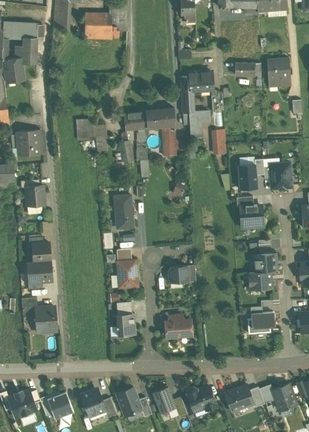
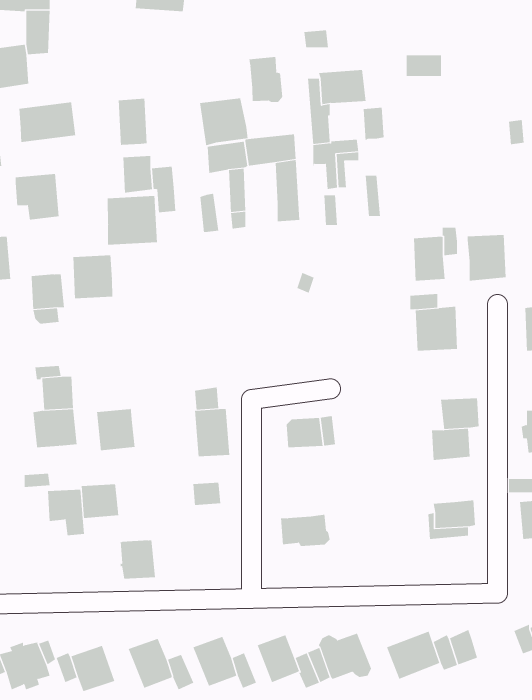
building: [268,57,291,86] -> none
building: none -> [249,56,283,103]
building: none -> [200,98,248,146]
building: none -> [118,98,147,146]
building: none -> [19,101,76,143]
building: none -> [107,195,157,245]
building: none -> [73,254,113,299]
building: [114,194,133,228] -> none
building: none -> [97,408,135,451]
building: none -> [81,483,119,519]
building: [116,313,136,335] -> [120,540,156,579]
building: [272,383,296,410] -> none

